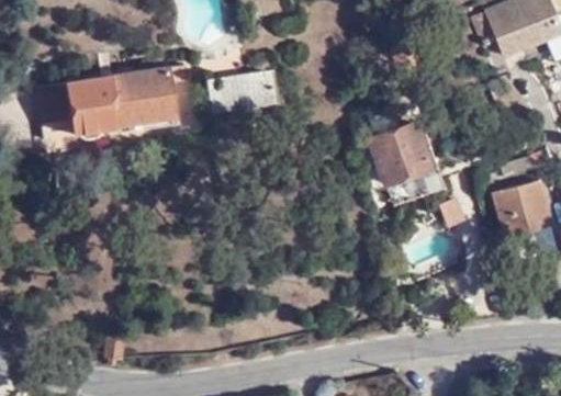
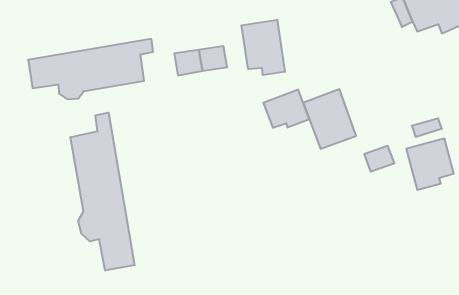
building: none -> [242,20,285,75]
building: none -> [263,89,309,128]
building: none -> [70,113,135,271]

